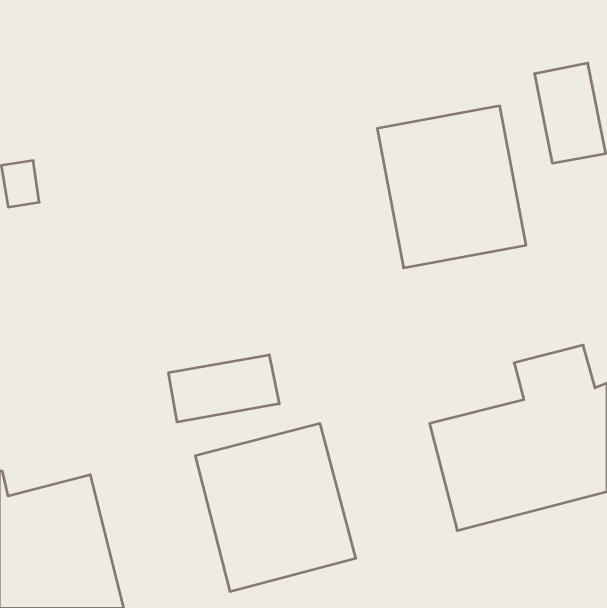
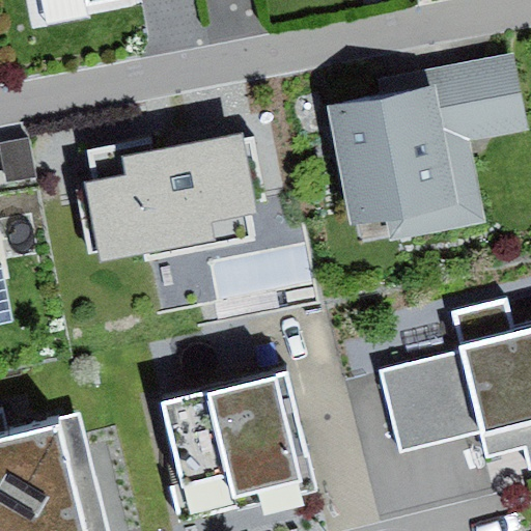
building: none -> [83,132,257,263]
building: [169,355,279,422] -> none

